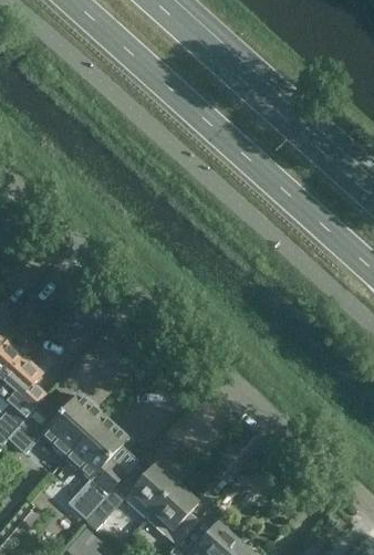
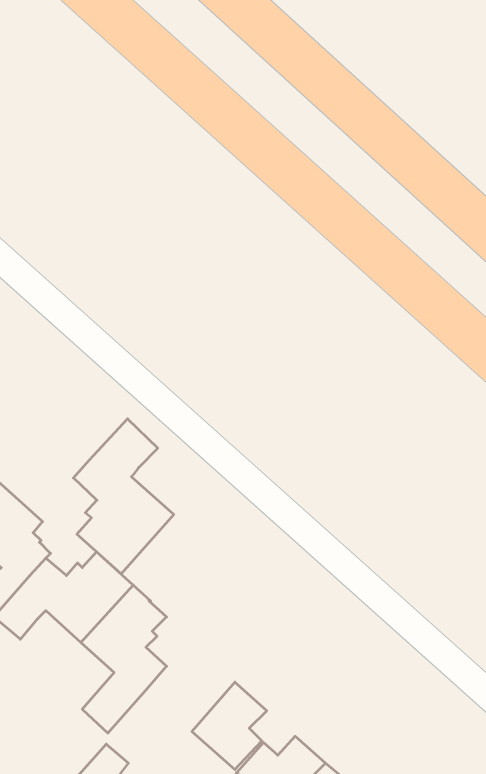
building: none -> [73,419,174,574]
building: [85,465,175,530] -> none

